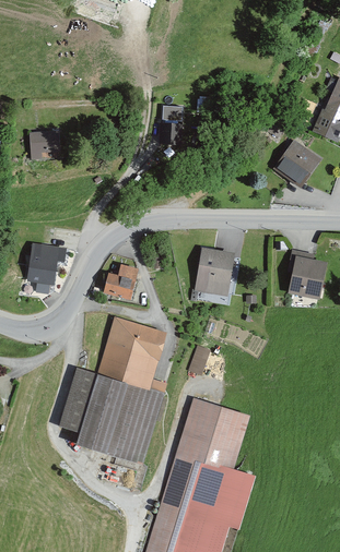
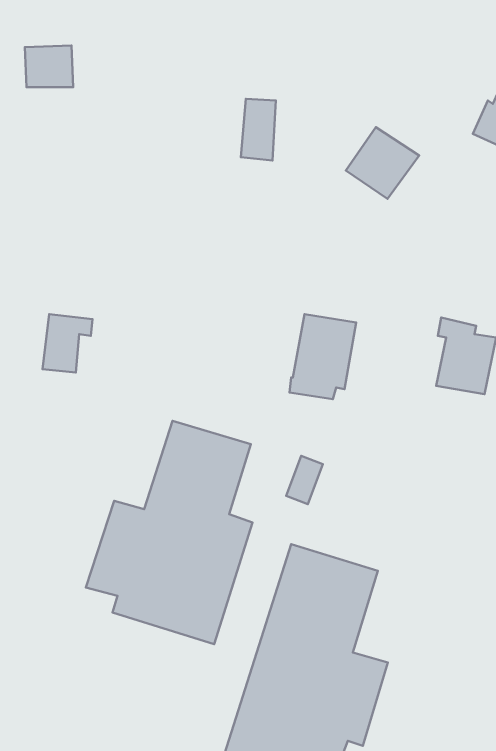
building: [30,131,61,158] -> [25,46,73,87]
building: [273,141,321,188] -> [346,127,419,199]
building: [102,264,138,300] -> none

